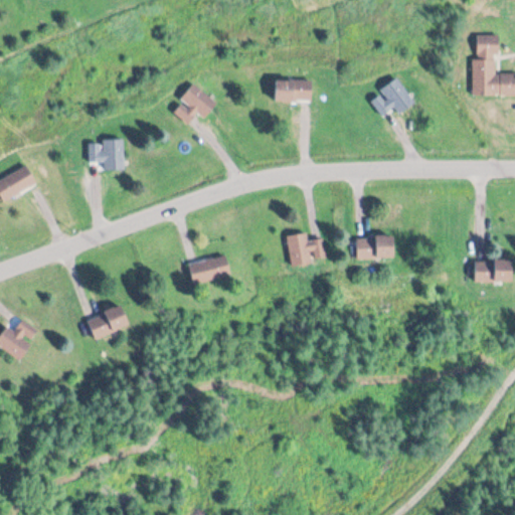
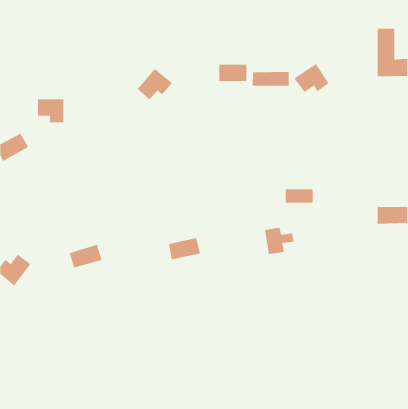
building: none -> [252,71,289,86]
building: [89,142,123,172] -> [37,99,64,123]
building: [286,232,324,267] -> [264,227,294,254]
building: [189,255,230,284] -> [168,238,201,260]

